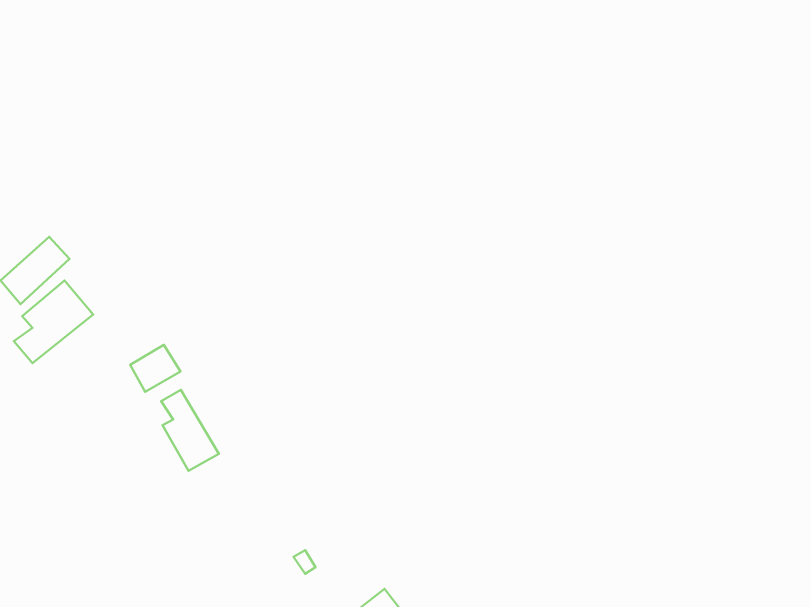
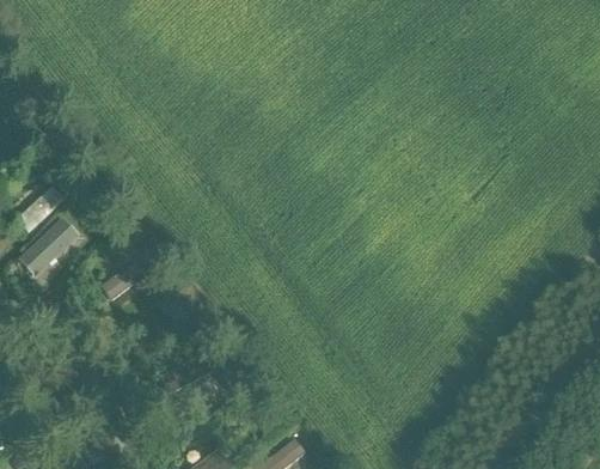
building: [161,390,219,471] -> none

